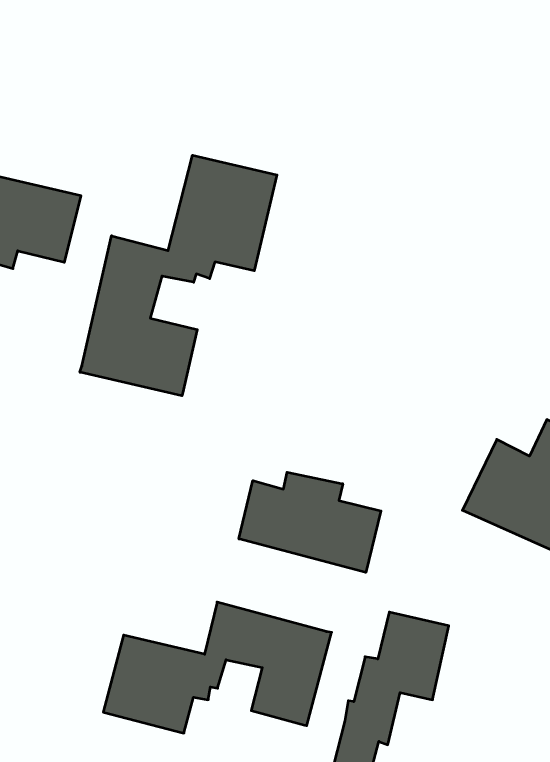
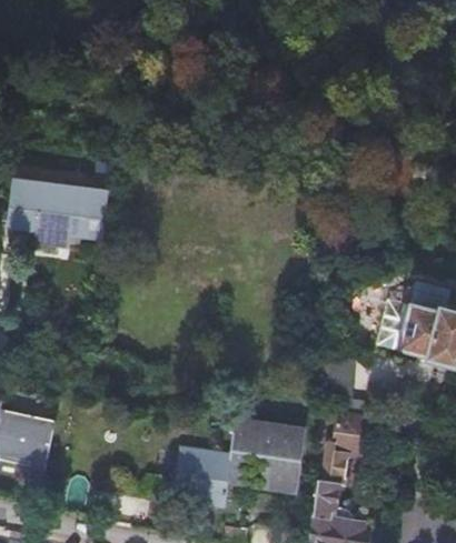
building: [80,155,277,396] -> none
building: [239,472,381,572] -> none

